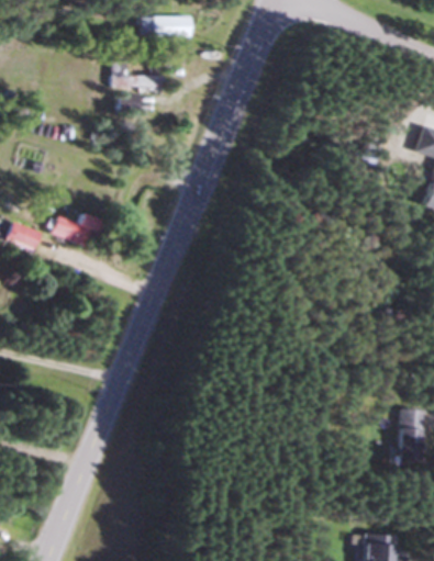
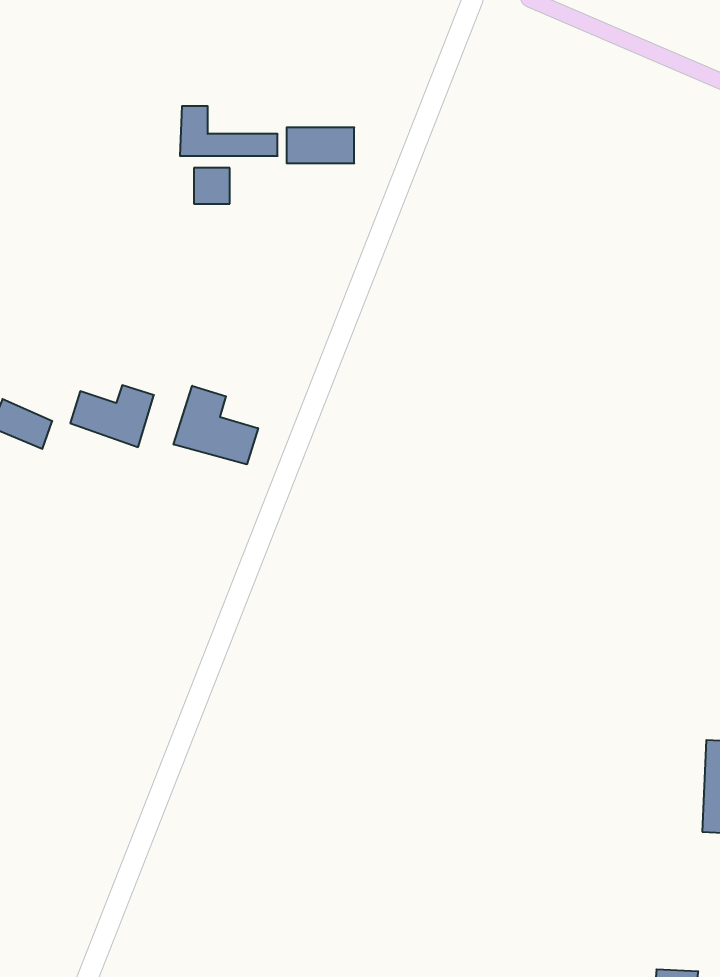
building: [152,16,189,36] -> [287,127,354,163]
building: none -> [174,386,258,464]

